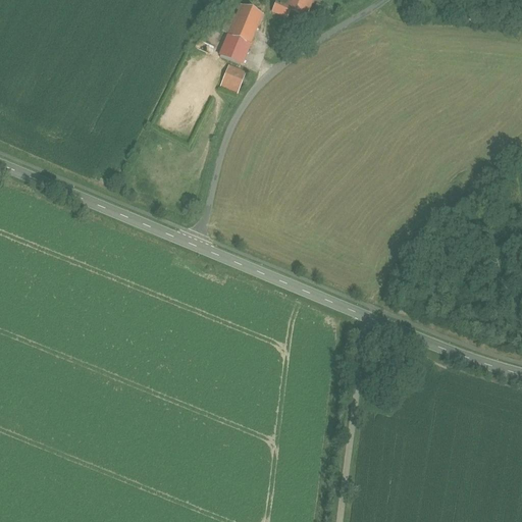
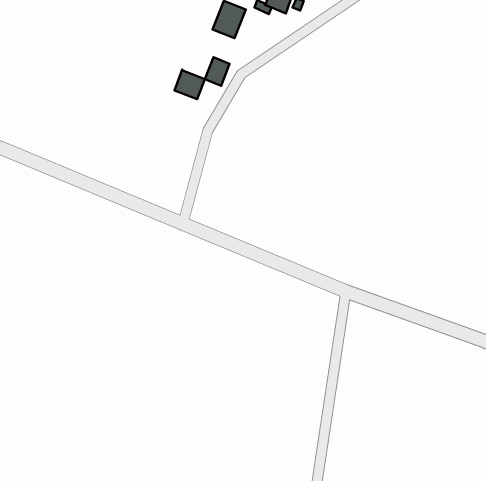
building: [218,31,251,62] -> [174,70,205,99]

